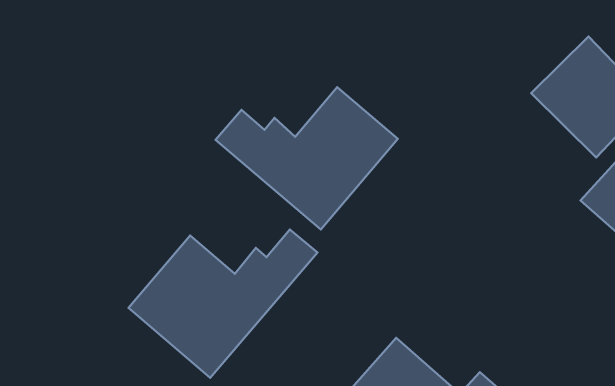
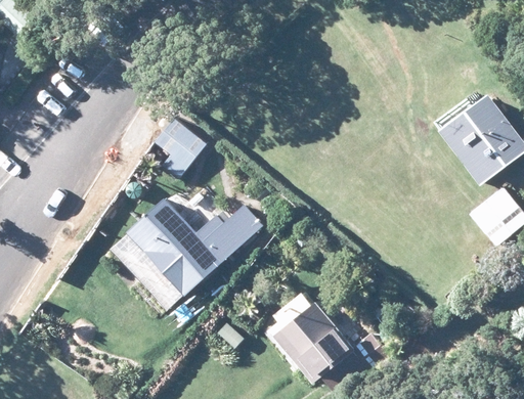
building: [215,87,398,229] -> none
building: none -> [155,119,204,177]

